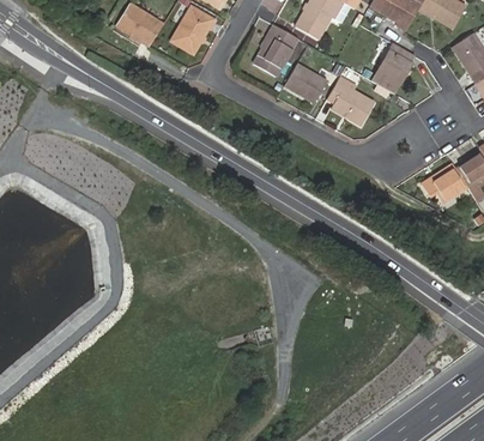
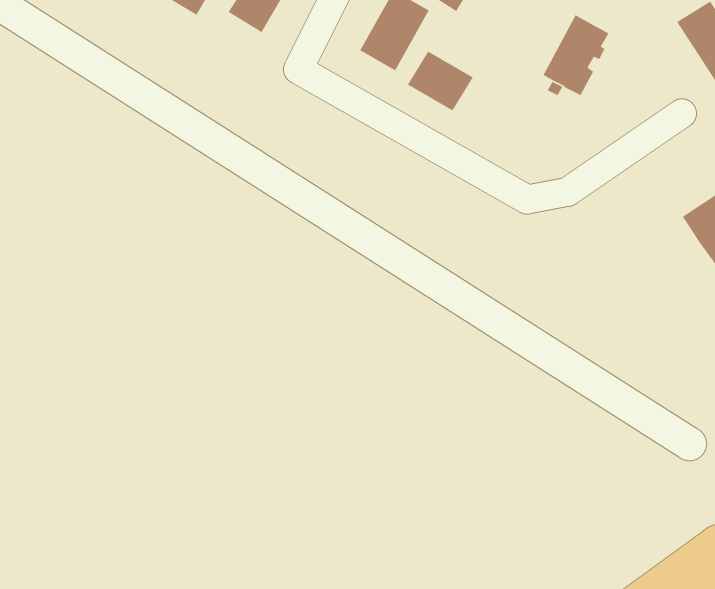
building: [326,75,374,125] -> none
building: [422,162,467,201] -> none

